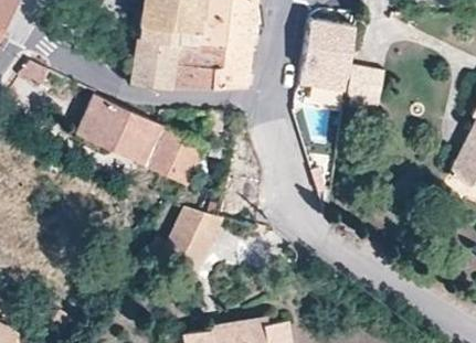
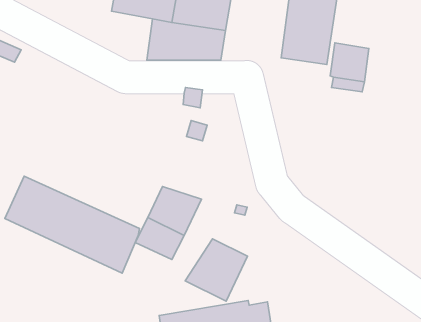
building: [128,35,177,84] -> none
building: [74,94,204,187] -> [5,176,139,273]
building: none -> [185,239,248,301]

